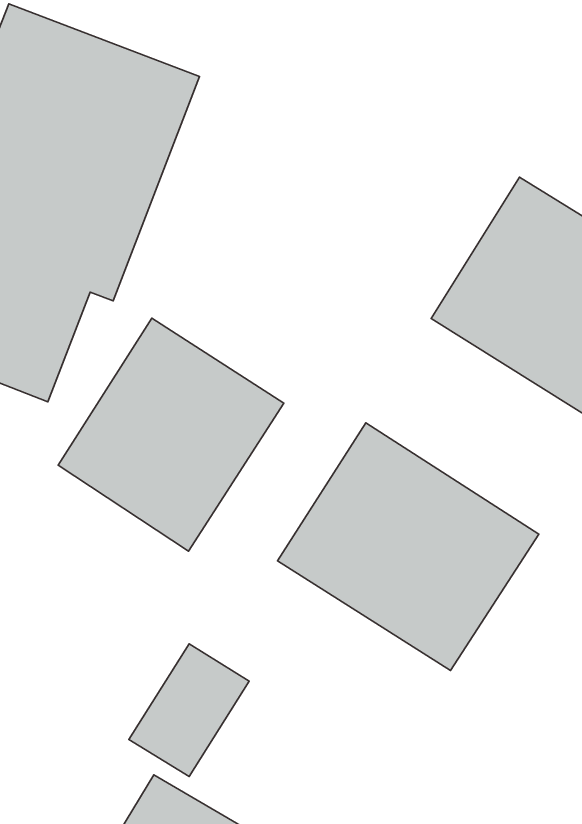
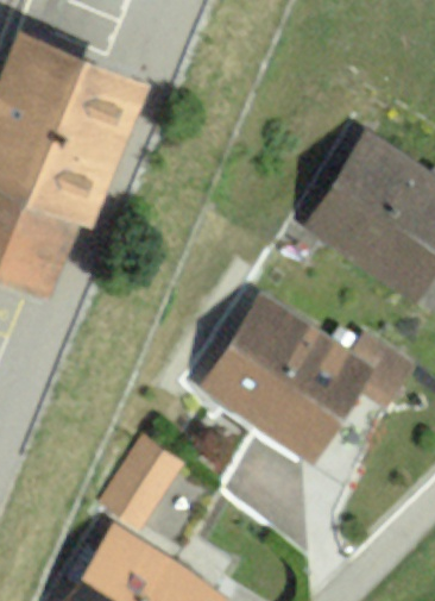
building: [58,318,284,551] -> none

